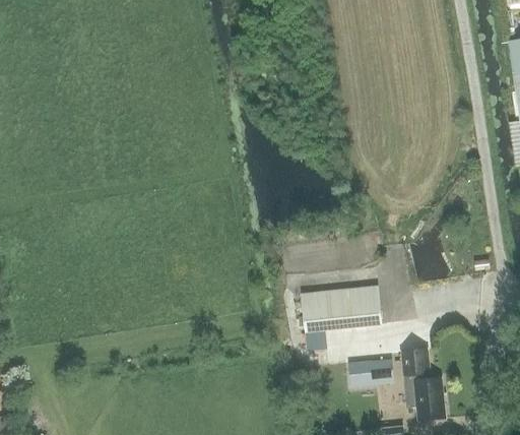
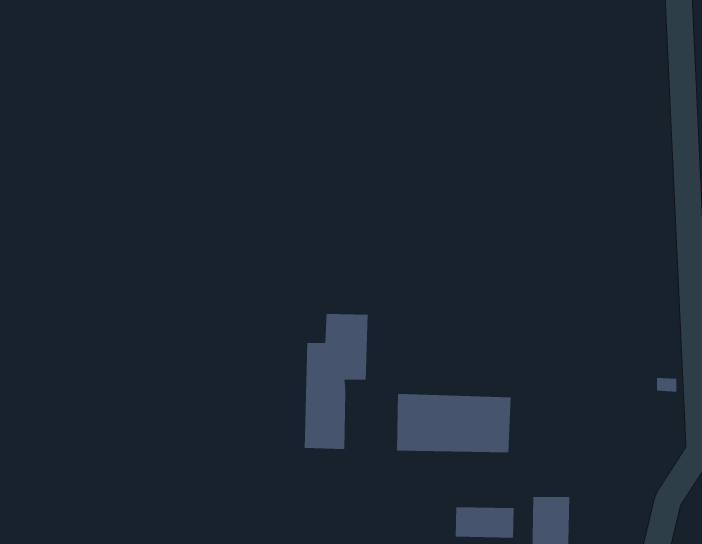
building: none -> [304,313,368,450]

